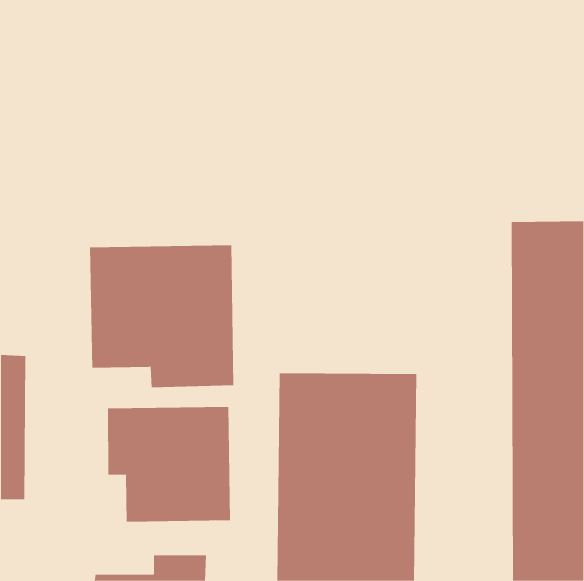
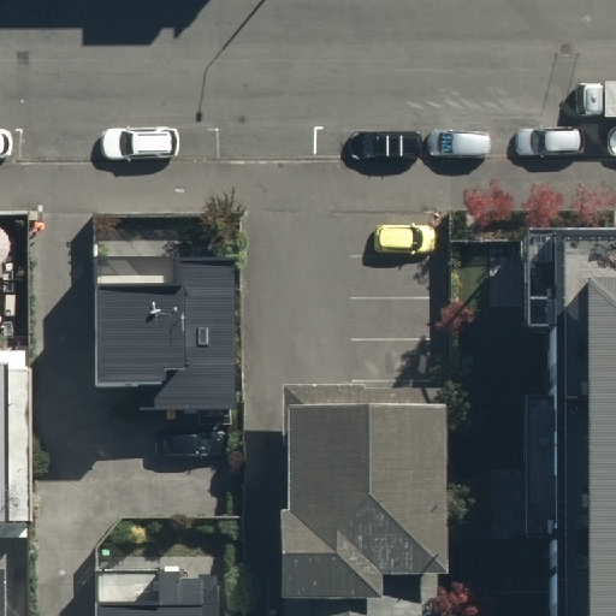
building: [108,406,231,522] -> none

